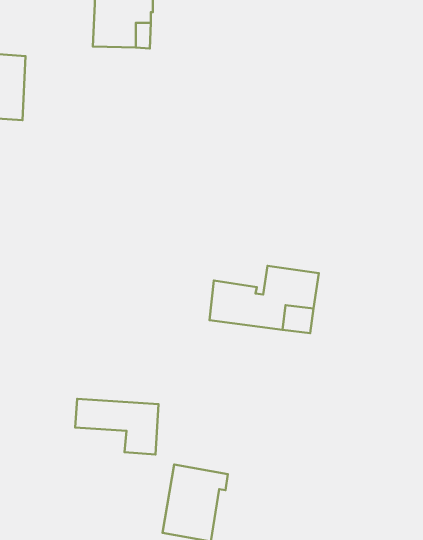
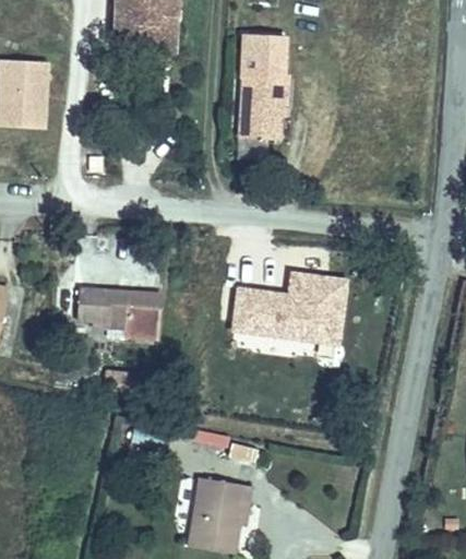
building: none -> [238,33,289,139]
building: [75,399,159,454] -> [76,288,162,345]

